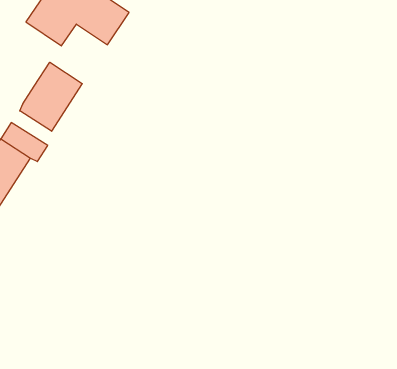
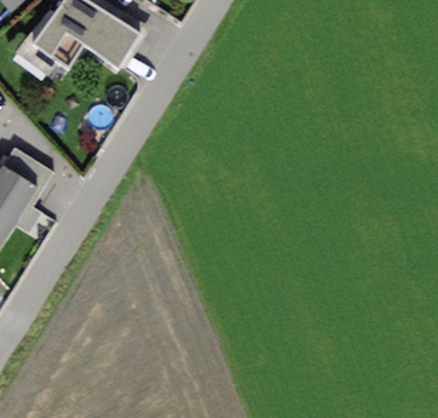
building: [20,62,82,131] -> none

